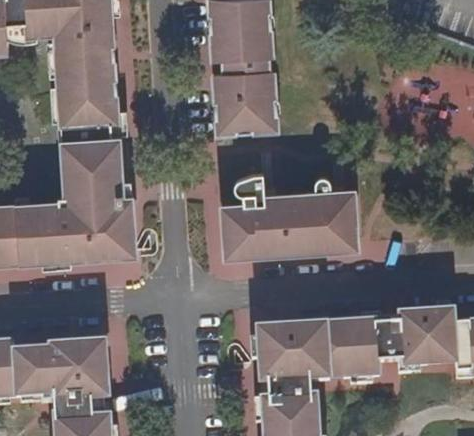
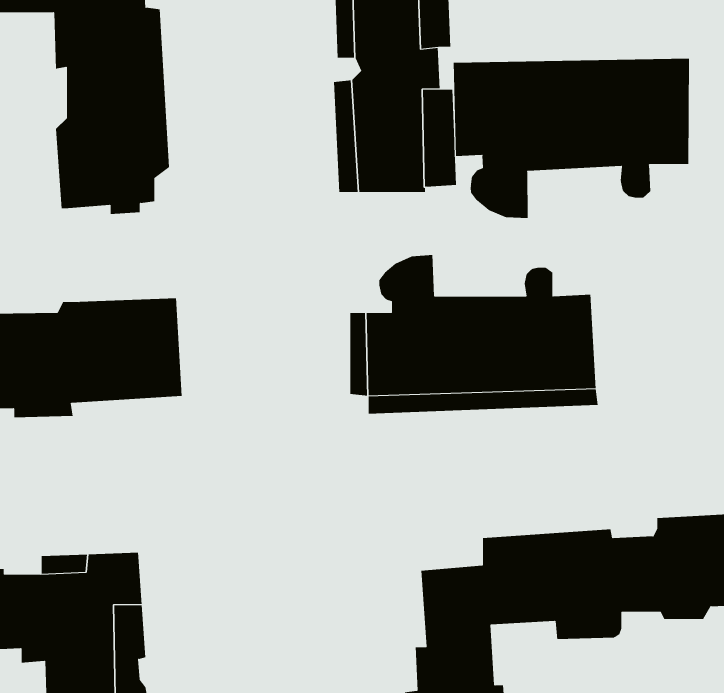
building: none -> [453,58,689,219]
building: [72,142,134,198] -> none
building: [255,328,302,388] -> none

